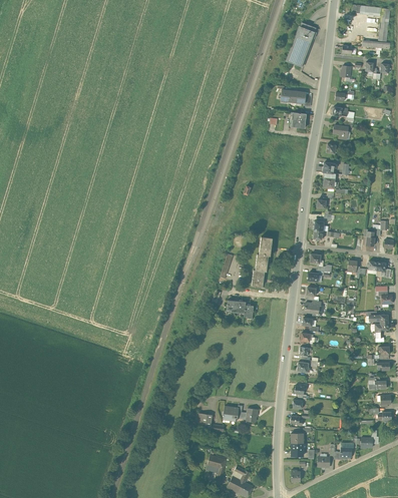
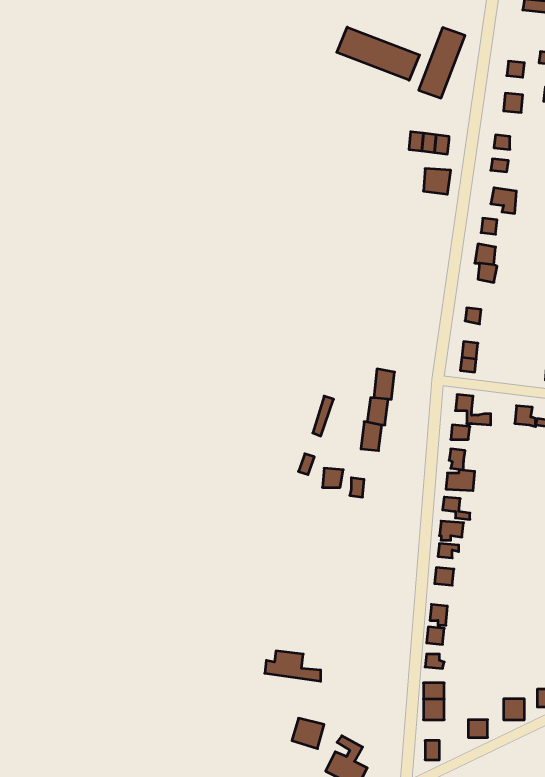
building: none -> [337,27,420,80]
building: [225,405,260,422] -> none

